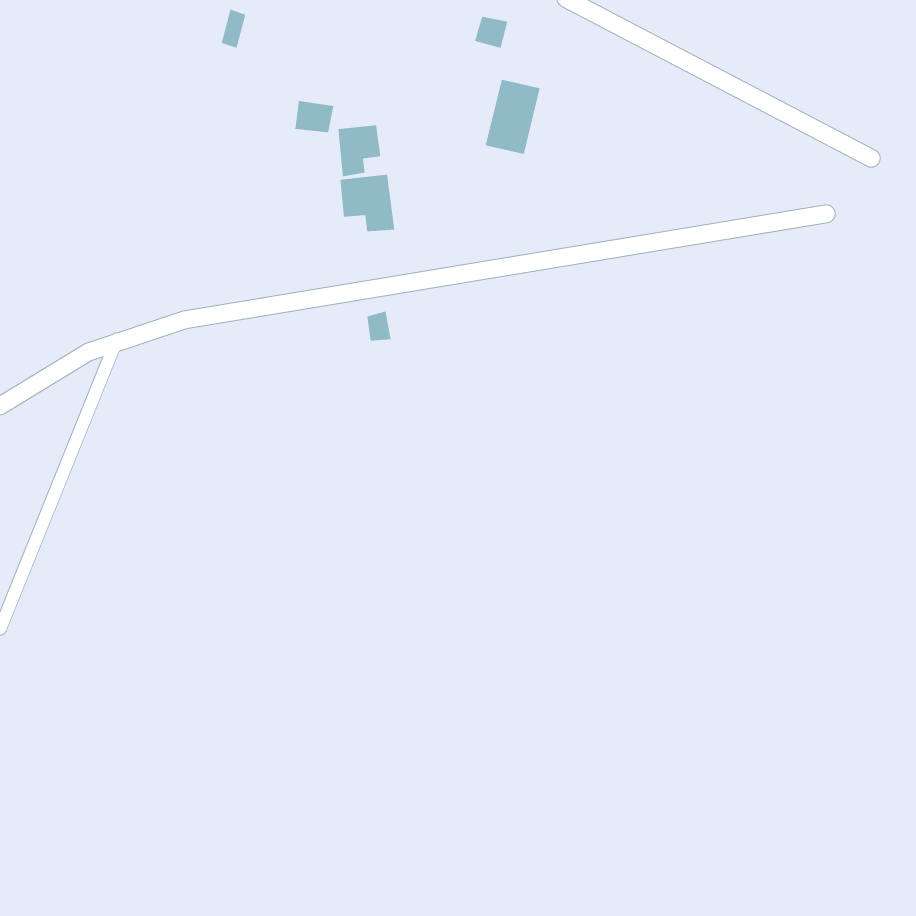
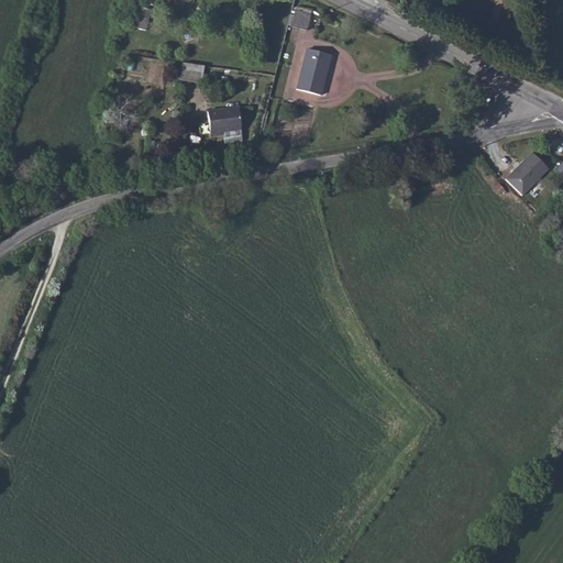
building: [338,124,381,177] -> none
building: none -> [507,152,549,195]

